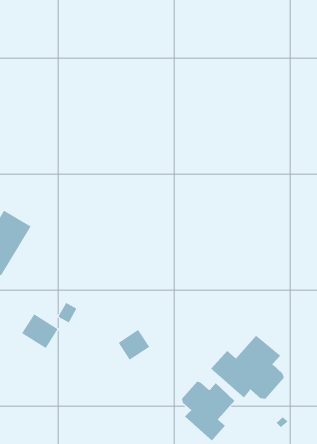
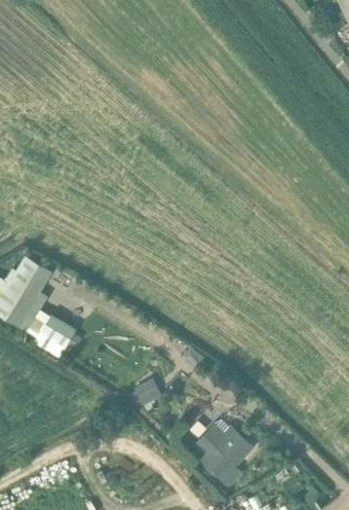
building: [21,313,59,349] -> [41,313,78,348]
building: [210,335,285,399] -> none

